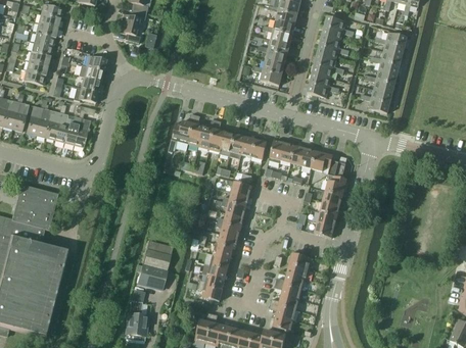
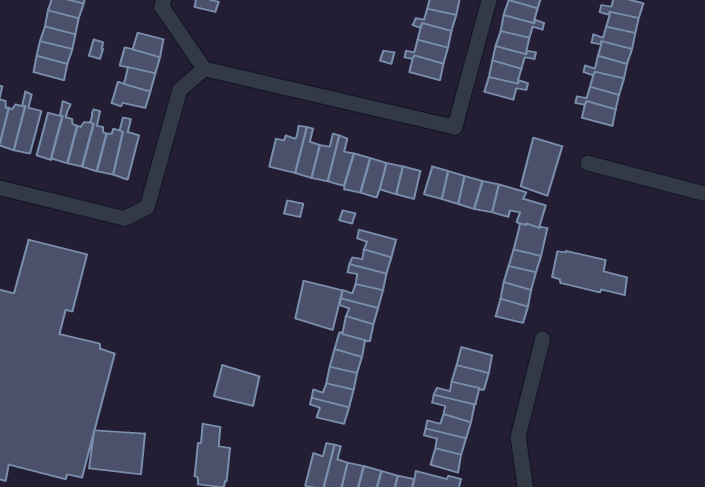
building: none -> [521,138,562,196]
building: none -> [552,251,627,295]
building: [142,239,172,269] -> [295,281,342,330]
building: none -> [89,430,145,474]

